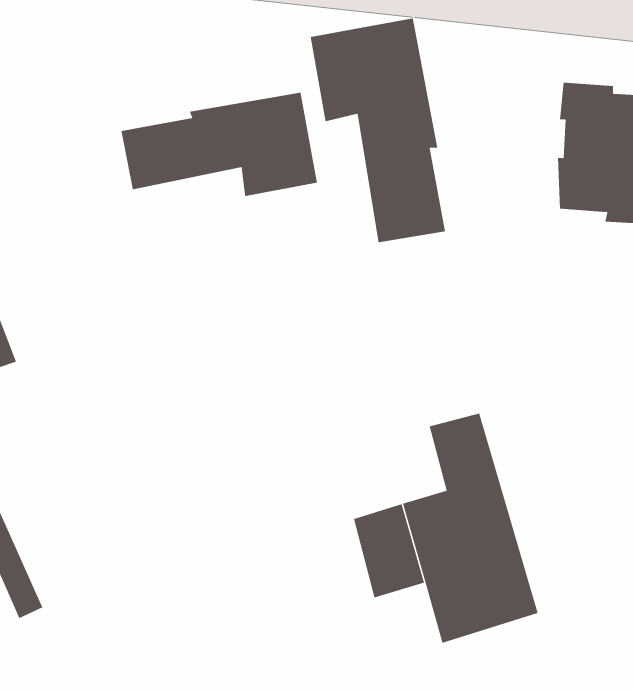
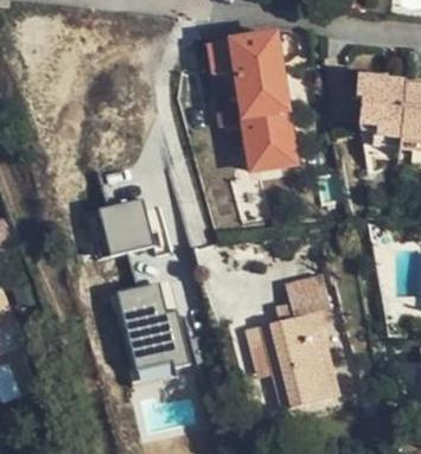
building: [121,92,317,197] -> none
building: none -> [87,197,153,255]
building: none -> [117,279,189,367]

